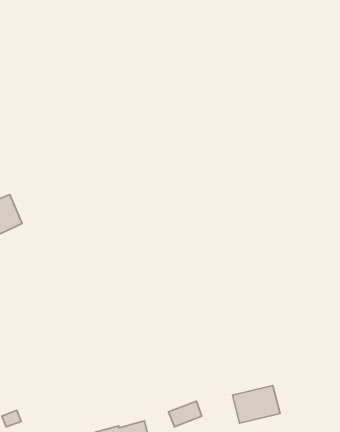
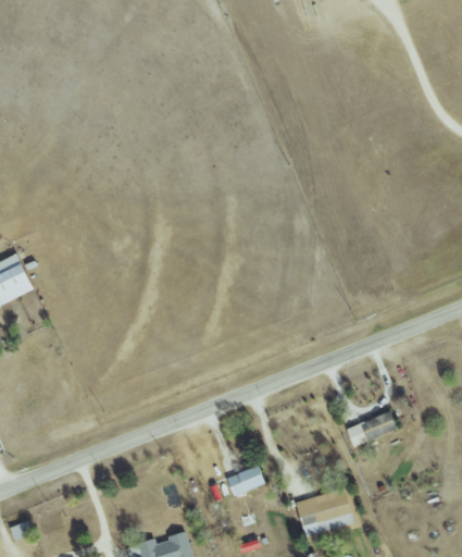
building: none -> [345,410,399,448]
building: [168,401,202,427] -> [227,465,269,496]

